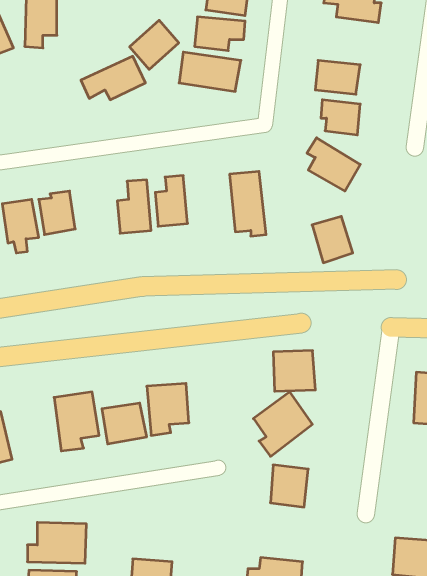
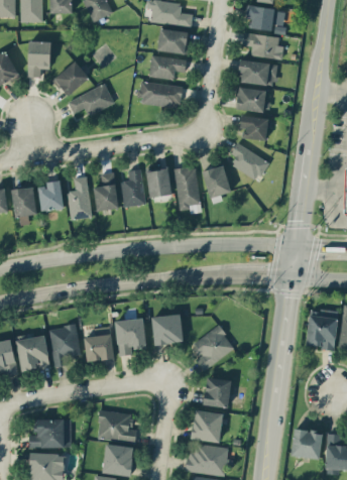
building: [130,20,179,69] -> [53,61,89,96]
building: none -> [238,59,277,87]
building: none -> [145,166,171,197]
building: none -> [68,176,91,219]
building: [312,216,353,263] -> [202,165,231,199]
building: [273,351,315,391] -> [152,315,183,344]
building: none -> [16,335,50,371]
building: none -> [96,409,137,443]
building: none -> [192,410,222,442]

